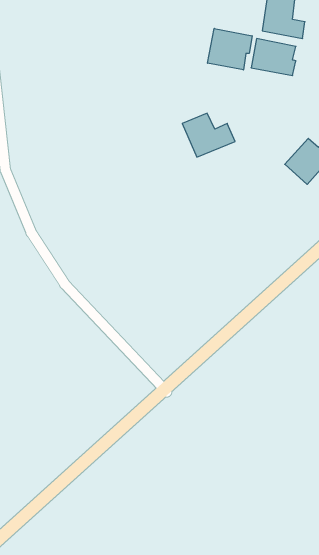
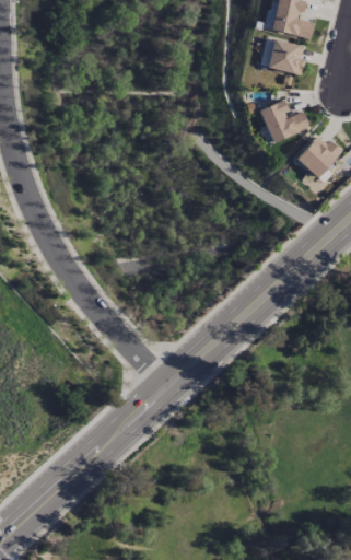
building: [208,28,252,70] -> none
building: [182,113,235,157] -> [259,101,311,143]

